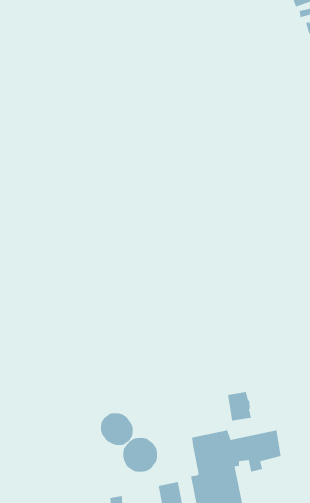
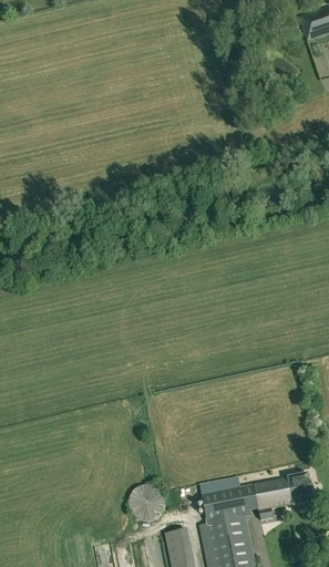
building: [227,391,252,421] -> [288,474,313,505]
building: [100,412,134,446] -> none

